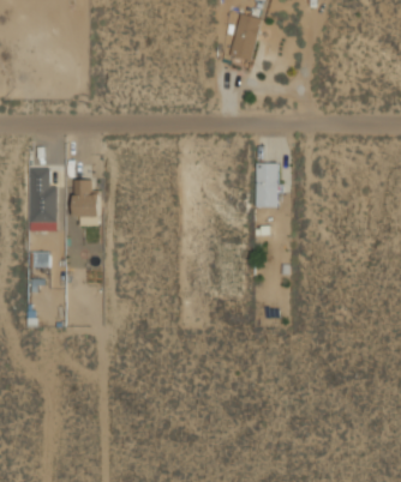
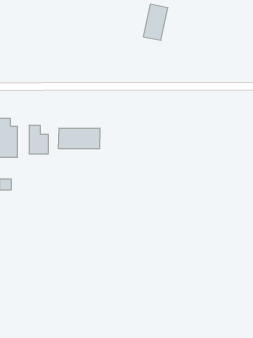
building: [253,161,277,206] -> none
building: none -> [59,128,100,149]

